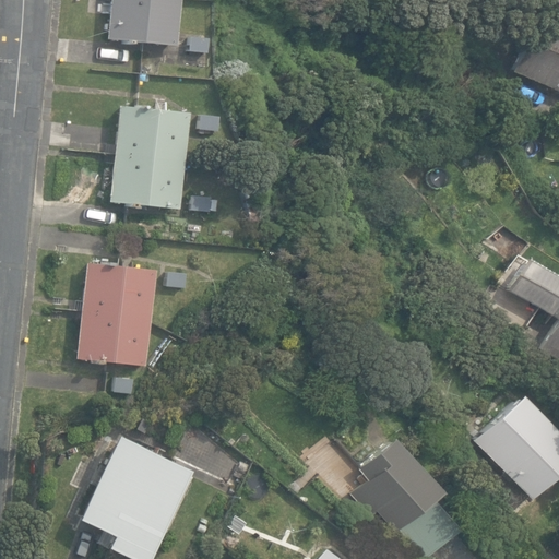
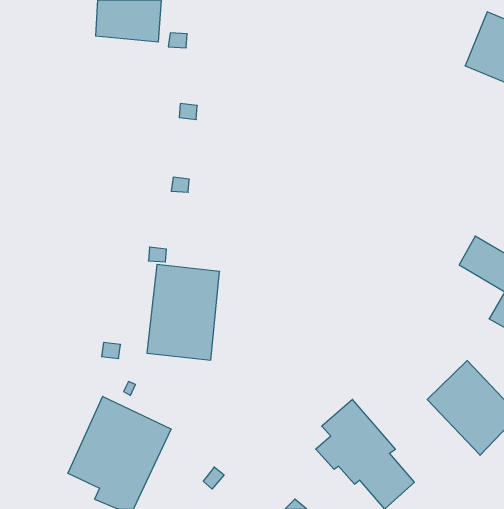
building: [111,105,191,210] -> none
building: [78,261,157,366] -> [147,264,220,360]

